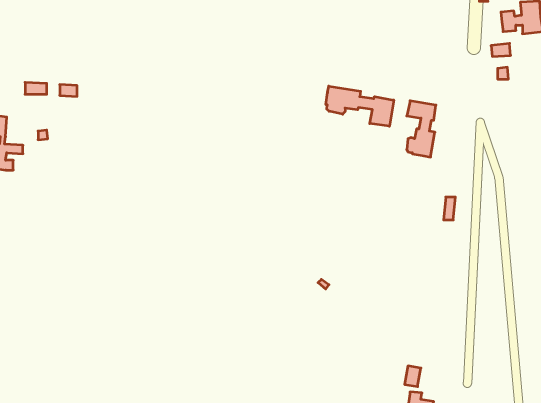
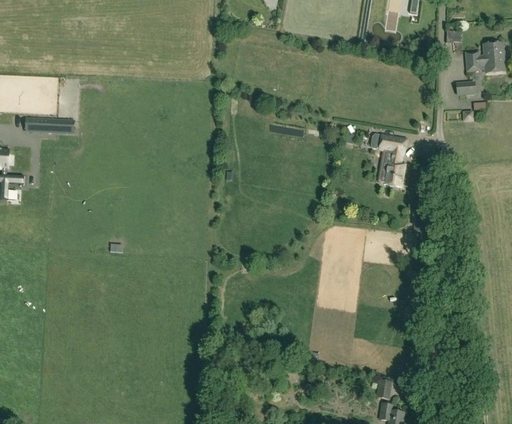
building: [326,86,394,126] -> none

